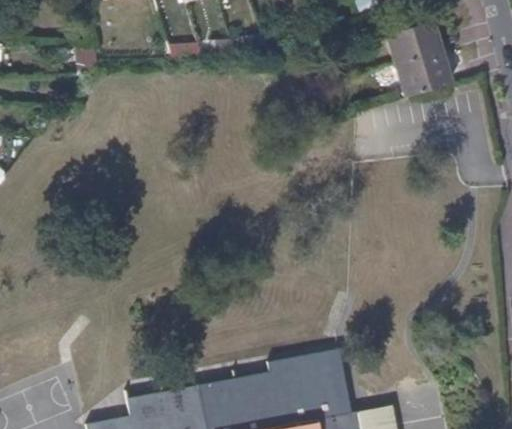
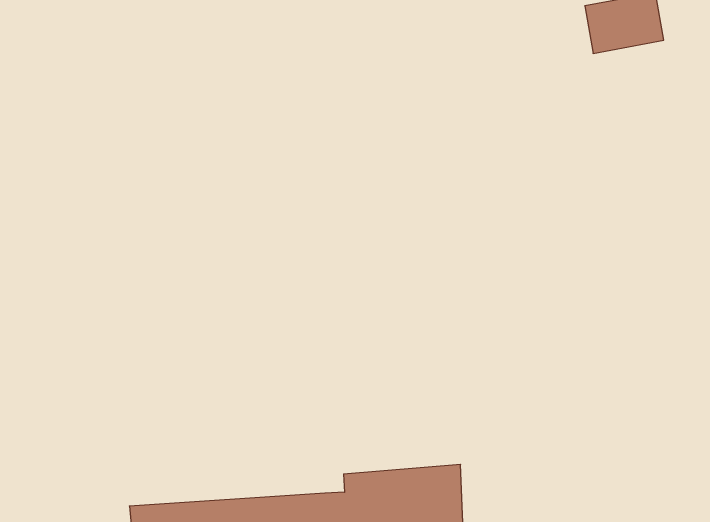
building: [399,53,454,98] -> none

